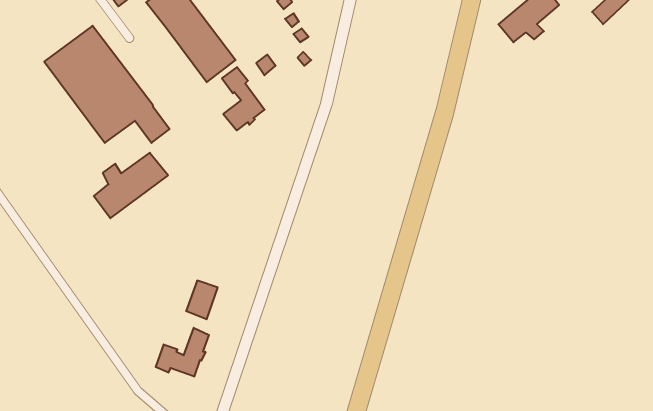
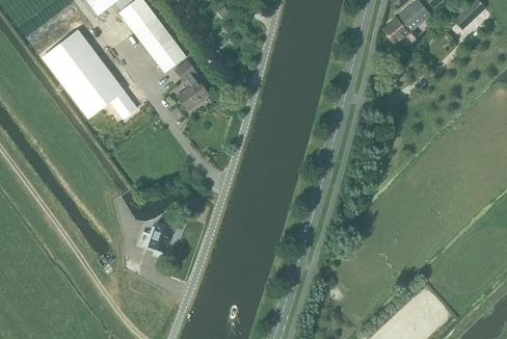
building: [94,153,168,218] -> none
building: [156,328,209,377] -> none

